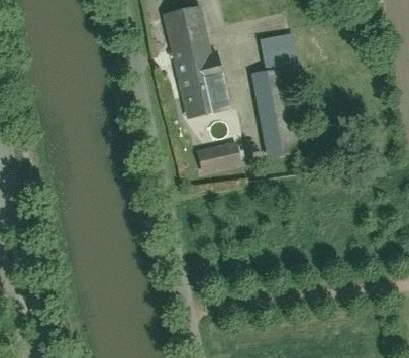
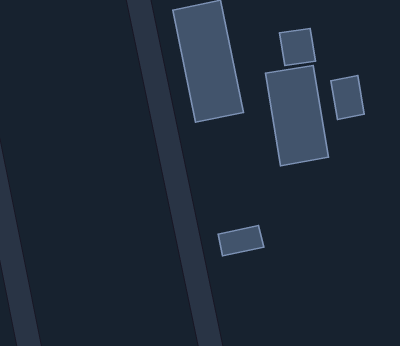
building: none -> [331,75,364,119]
building: [197,141,239,169] -> [218,225,264,256]

